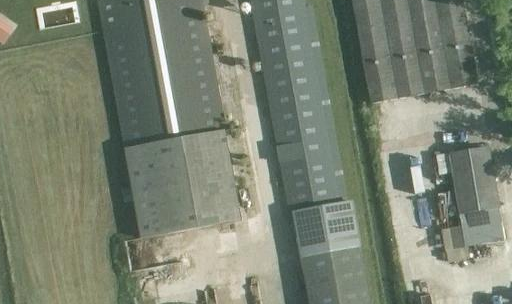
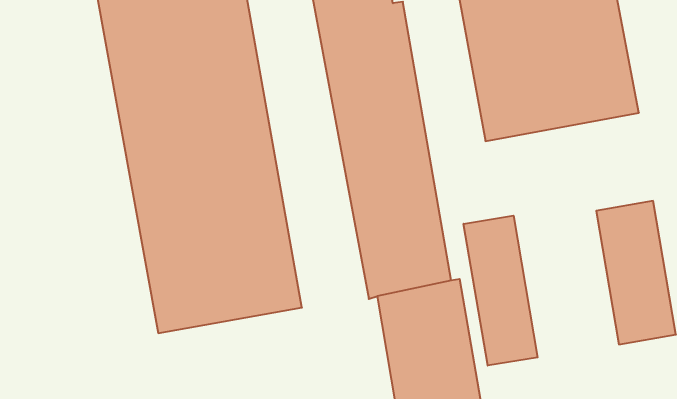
building: none -> [464,216,538,366]

